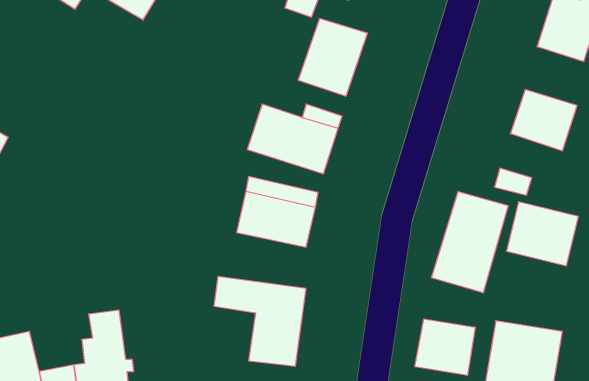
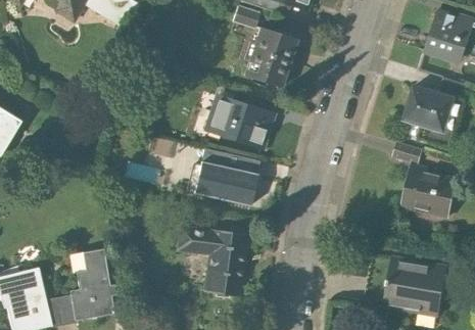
building: [432,191,508,293] -> none
building: [415,319,475,376] -> none

